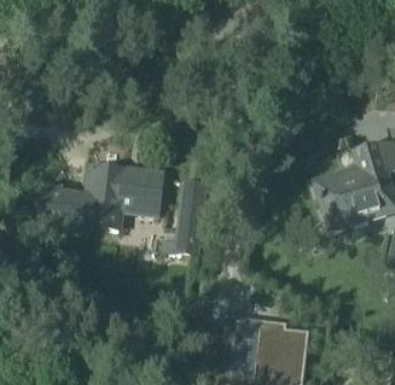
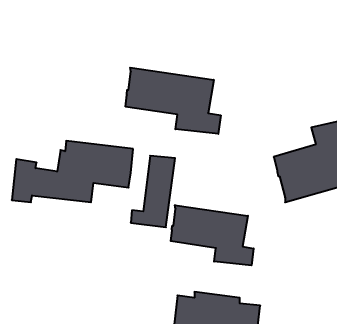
building: none -> [126,68,221,134]
building: none -> [171,205,254,265]

